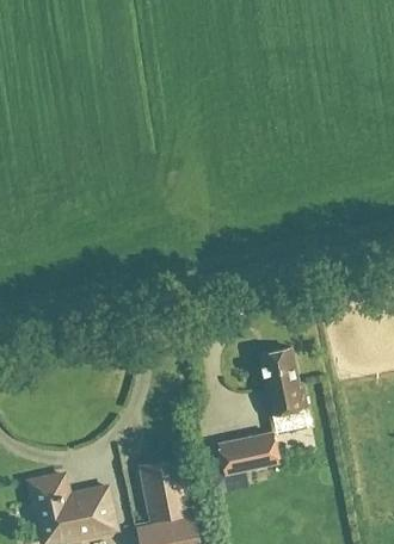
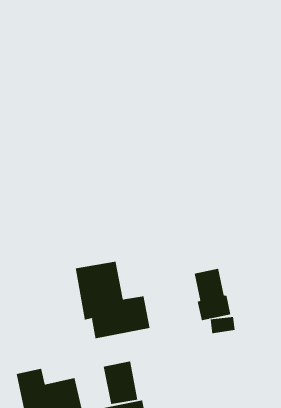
building: none -> [75,261,150,339]
building: [217,432,278,474] -> none

